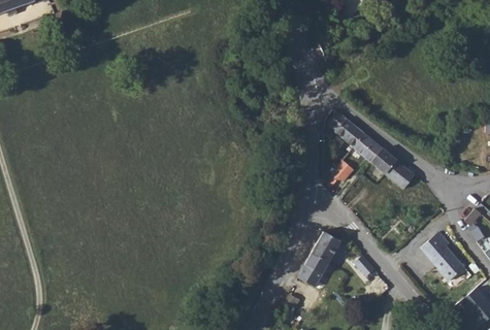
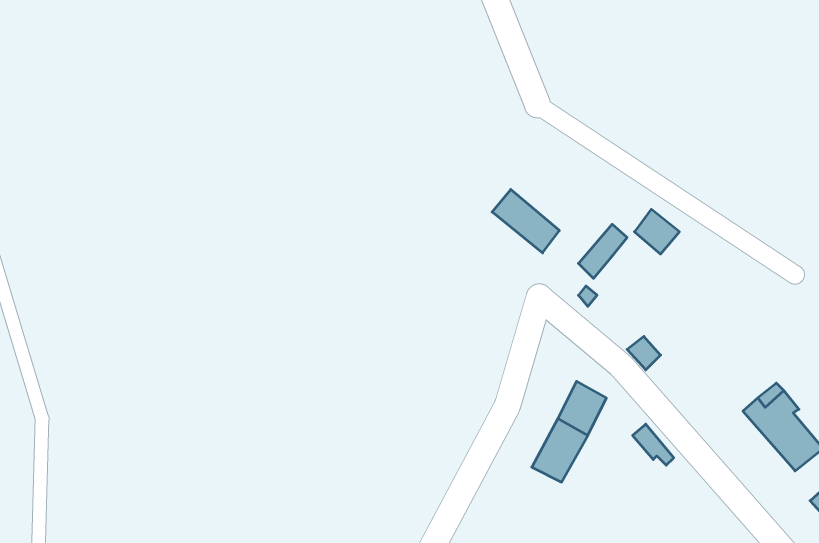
building: [335,118,372,153] -> [492,189,559,253]
building: [378,153,420,193] -> none

